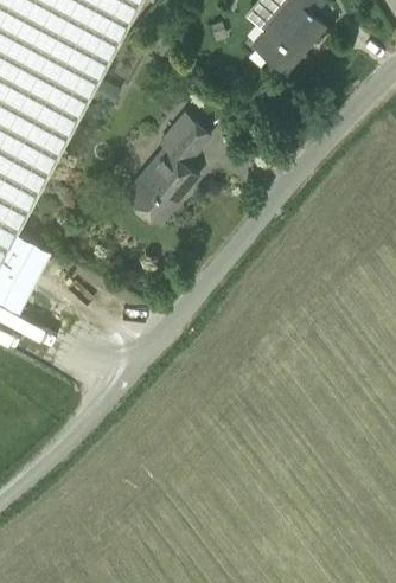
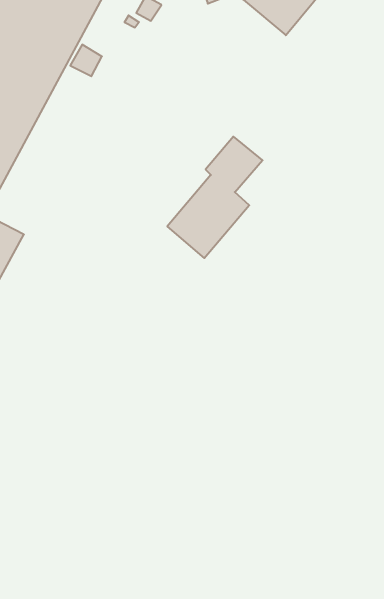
building: [126,111,211,220] -> [167,137,263,258]

